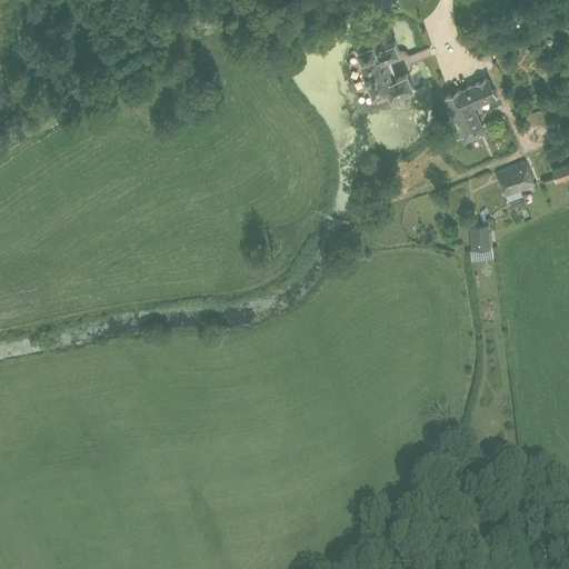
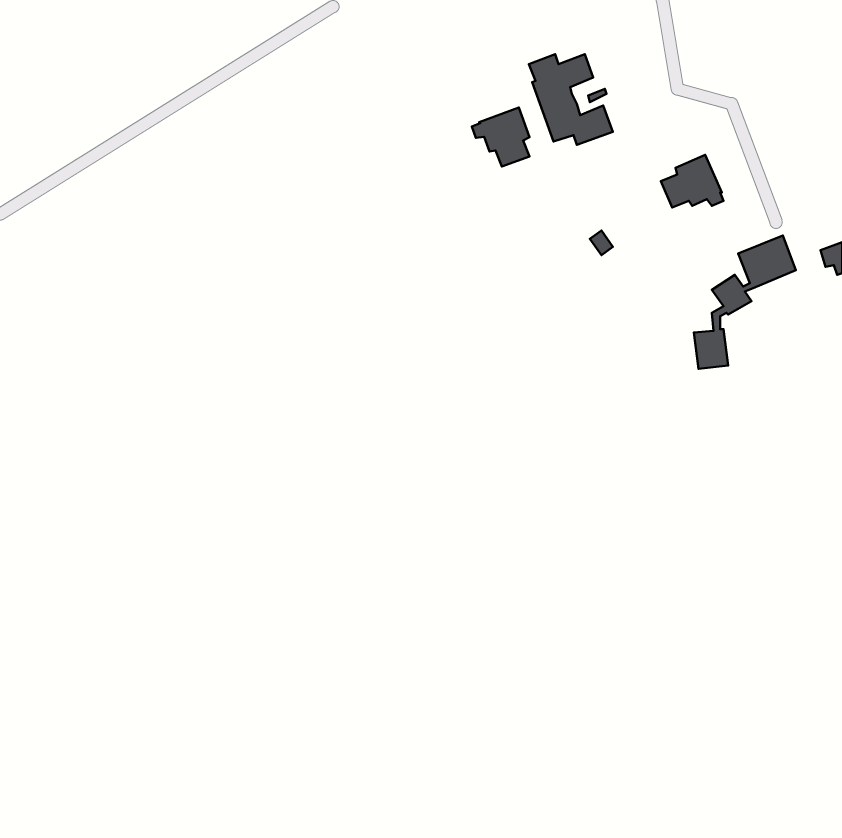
building: none -> [472,108,530,166]
building: [447,80,498,116] -> none

